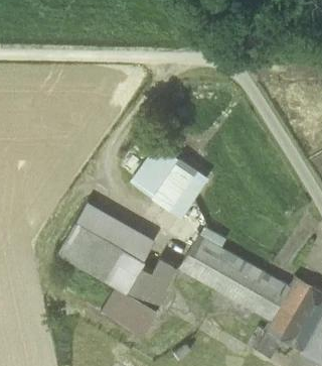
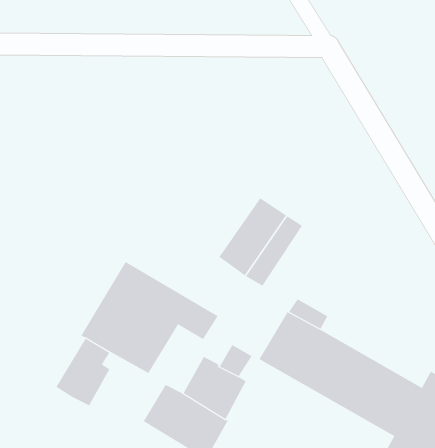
building: [130,144,180,200] -> none
building: [105,246,142,292] -> [55,338,110,406]

